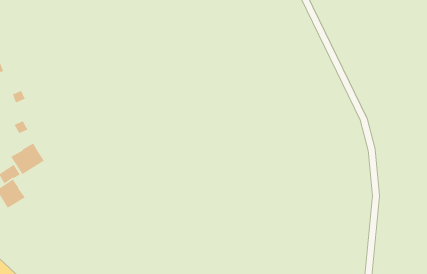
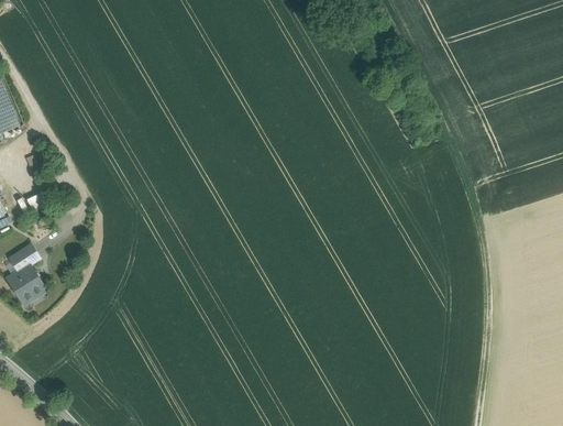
building: [10,143,45,175] -> none

